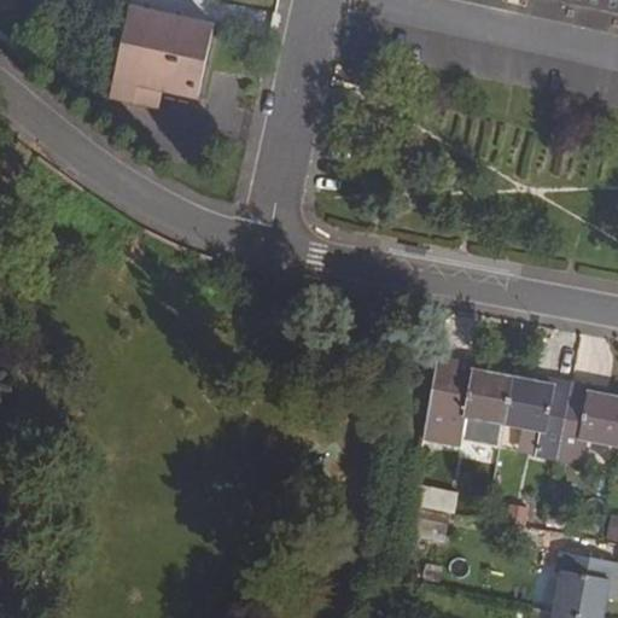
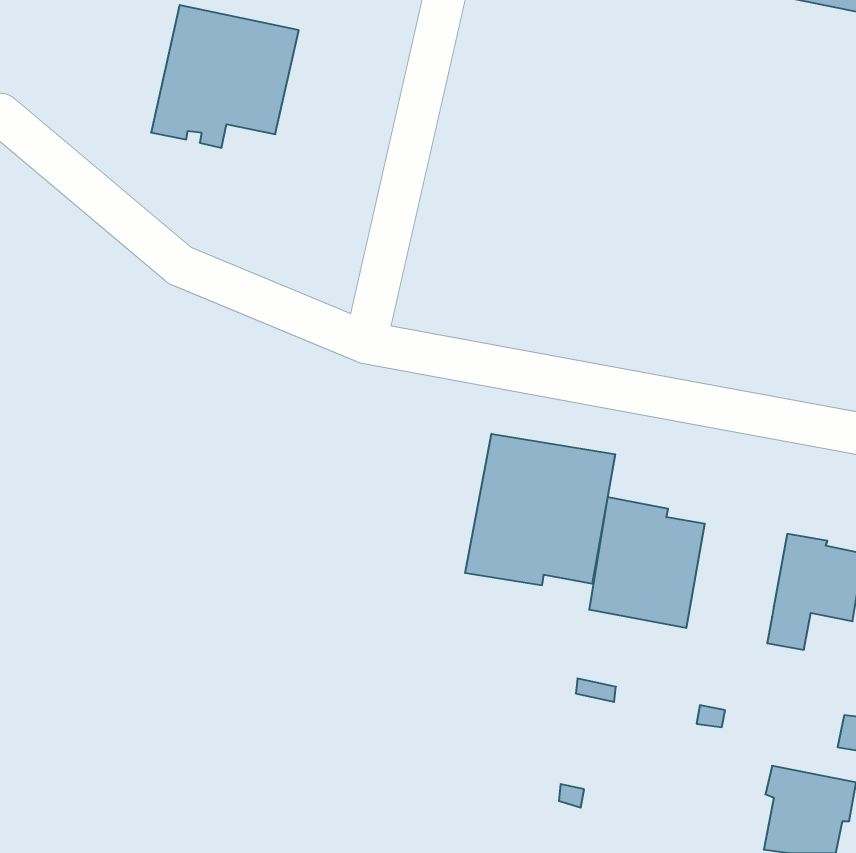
building: none -> [465,434,615,585]
building: [495,377,567,462] -> none

